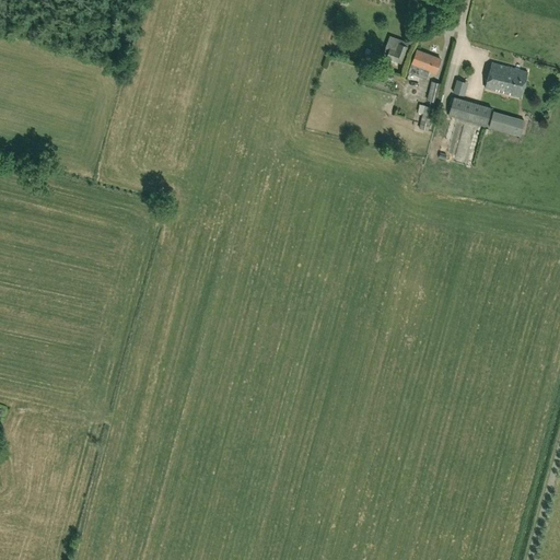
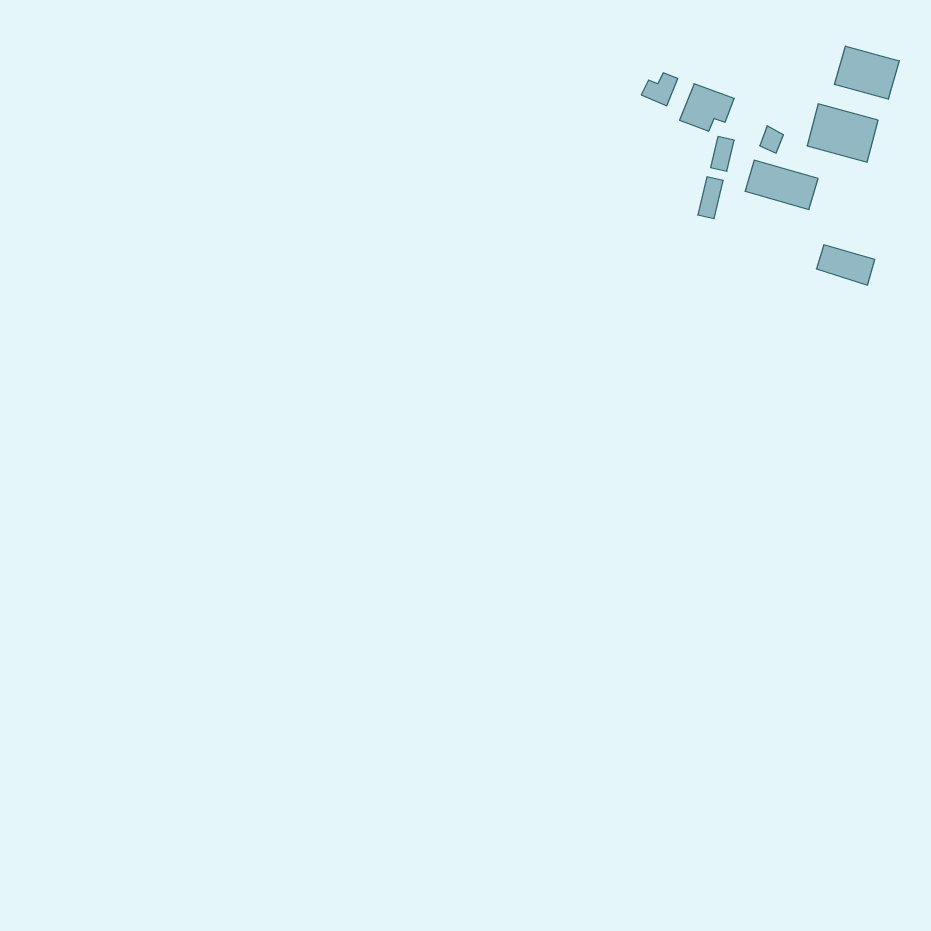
building: none -> [835,46,899,99]
building: [489,112,524,136] -> [816,245,875,285]

